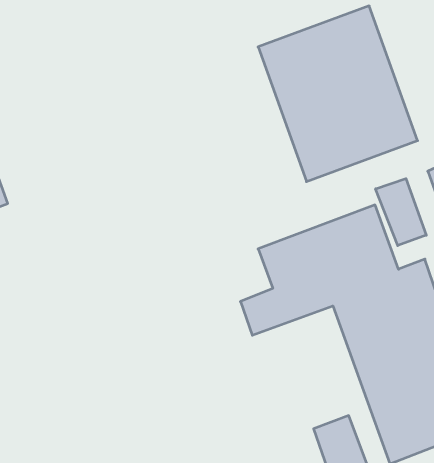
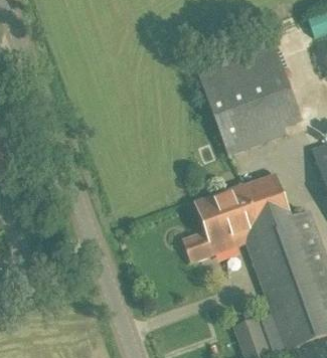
building: [376,179,426,246] -> none

